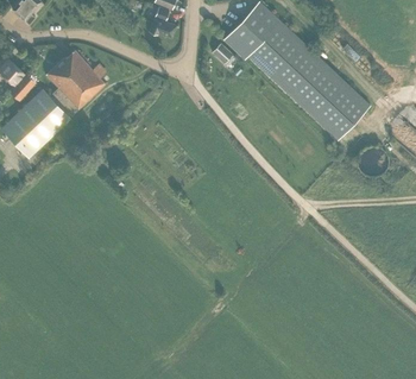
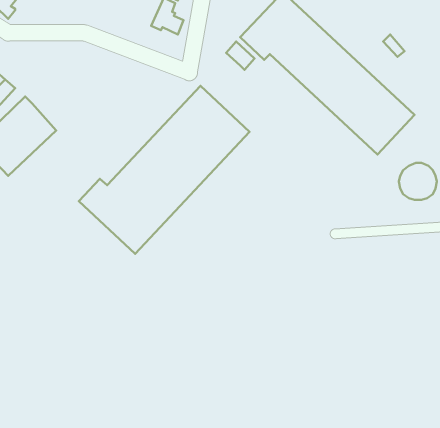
building: [46,50,105,108] -> none
building: none -> [79,86,249,254]

